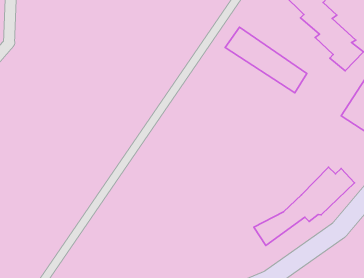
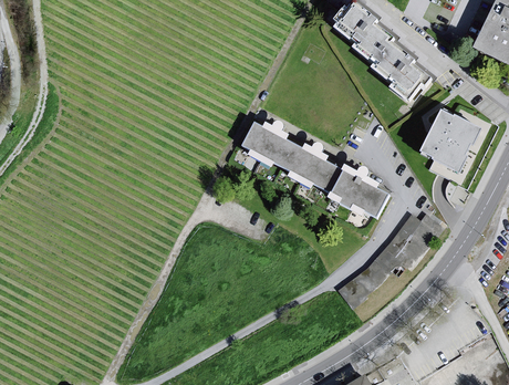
building: [225,27,307,93] -> [243,124,337,190]
building: none -> [339,173,392,218]

